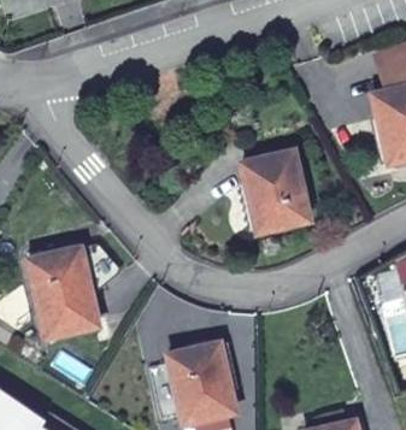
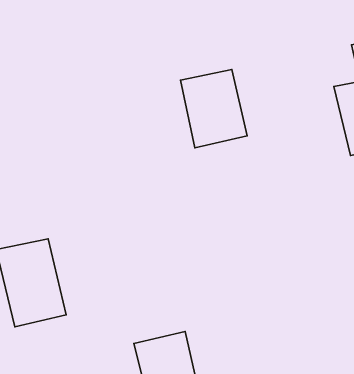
building: [240,152,307,231] -> [181,69,247,148]

